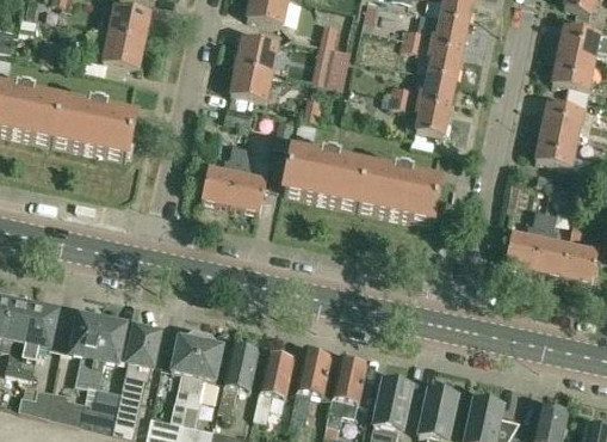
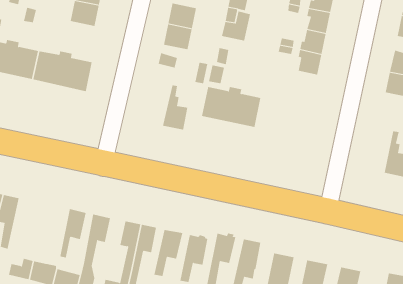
building: [202,143,243,202] -> none
building: [358,164,440,220] -> none
building: [504,207,546,266] -> none
building: [19,301,58,374] -> none
building: [72,311,103,381] -> none

